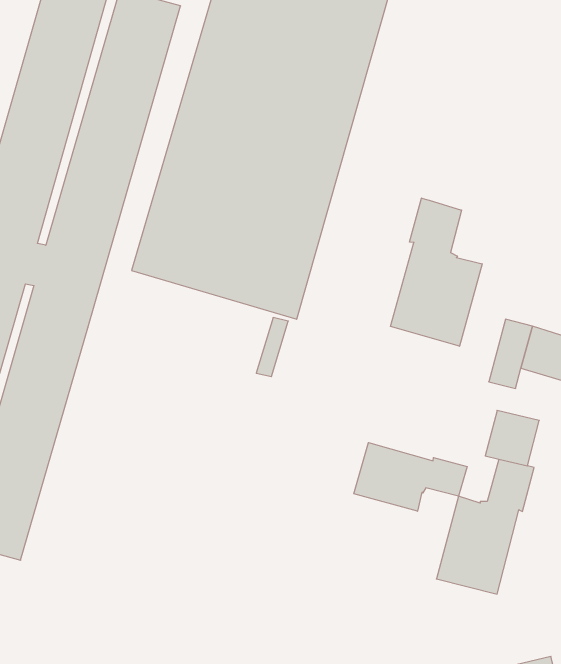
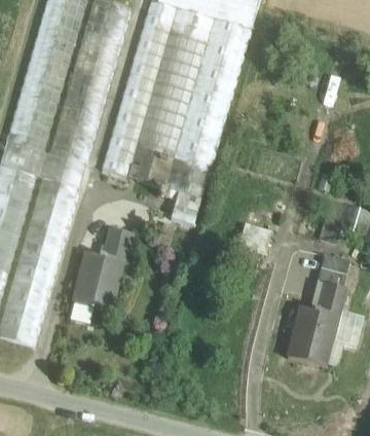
building: [390,198,482,346] -> none
building: none -> [71,226,134,321]
building: [354,443,467,511] -> none

